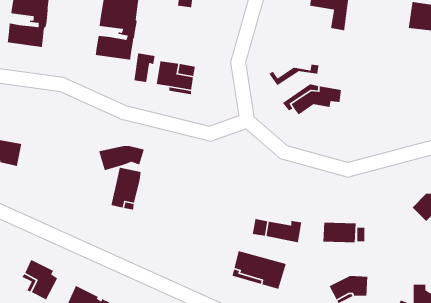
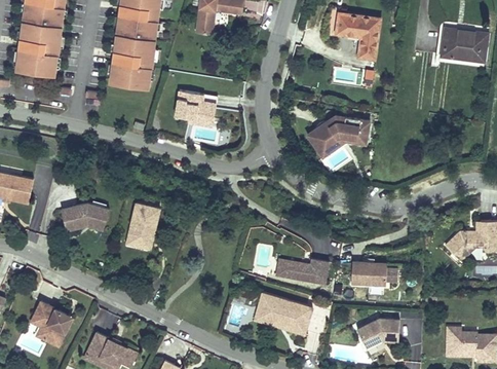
building: [134,53,155,83] -> none
building: [268,64,320,86] -> [314,135,369,158]
building: [98,145,145,171] -> [59,204,108,231]

